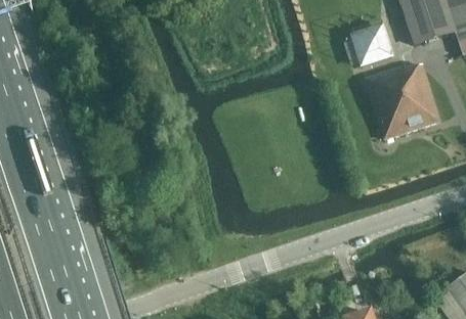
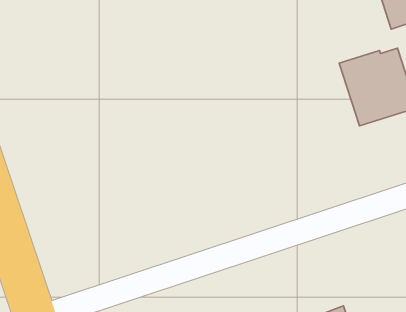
building: [350,26,387,65] -> none

